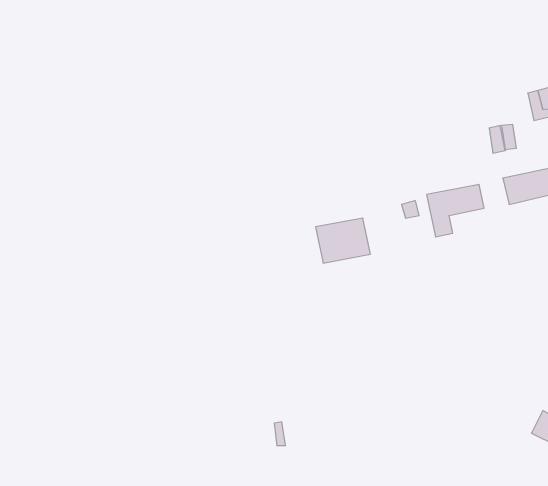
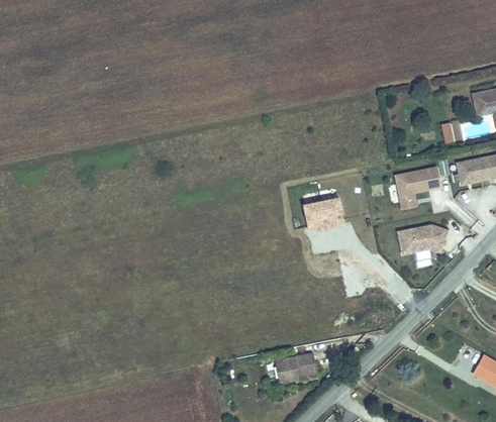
building: none -> [396,226,445,255]
building: none -> [277,348,319,379]

